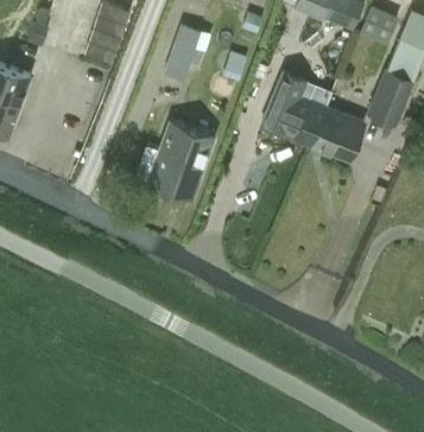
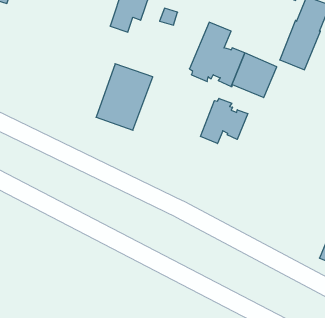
building: none -> [200,98,248,144]

